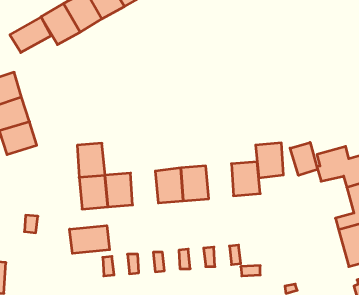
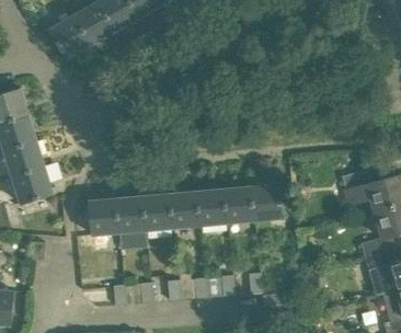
building: [10,17,51,53] -> none
building: [290,142,318,175] -> none
building: [256,143,283,178] -> [224,186,253,223]
building: [77,143,105,177] -> [144,194,173,230]
building: none -> [12,166,53,203]
building: [70,226,110,253] -> none

